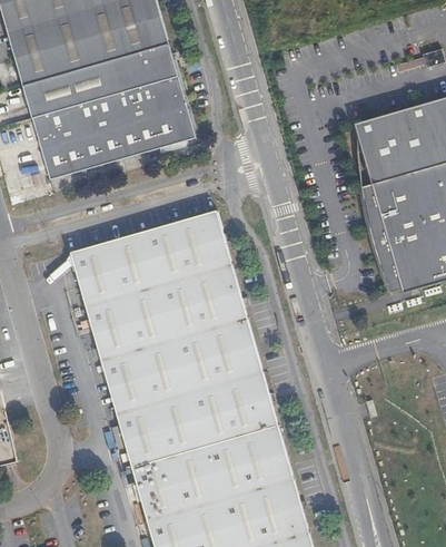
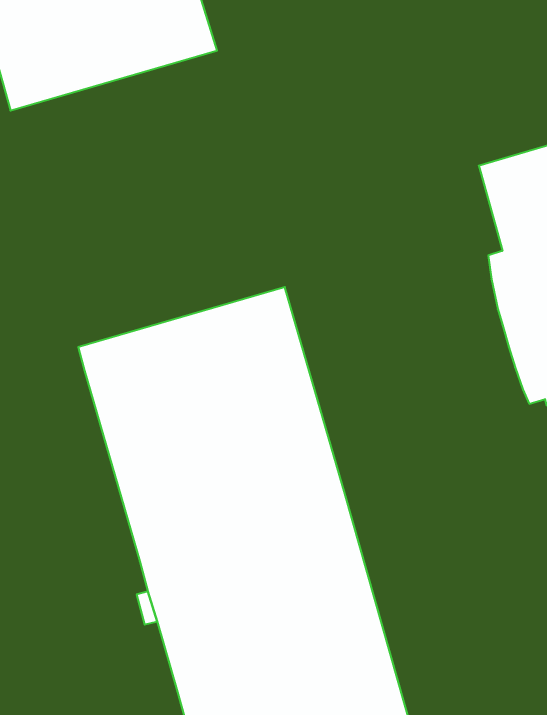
building: [22,43,195,179] -> none

